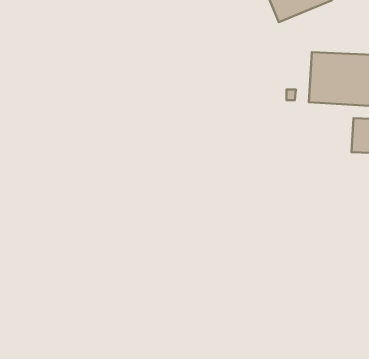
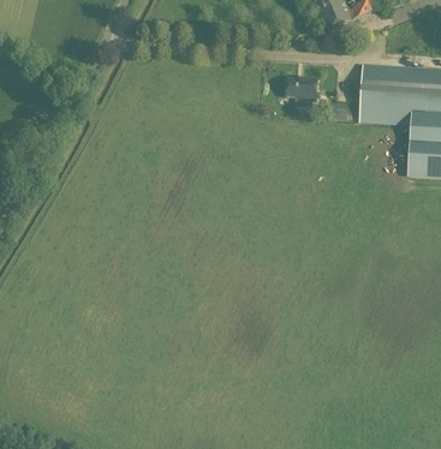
building: none -> [288,78,320,101]

